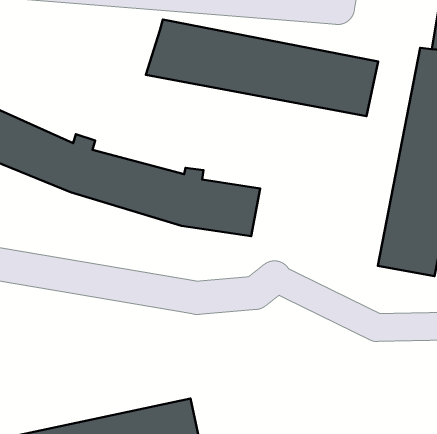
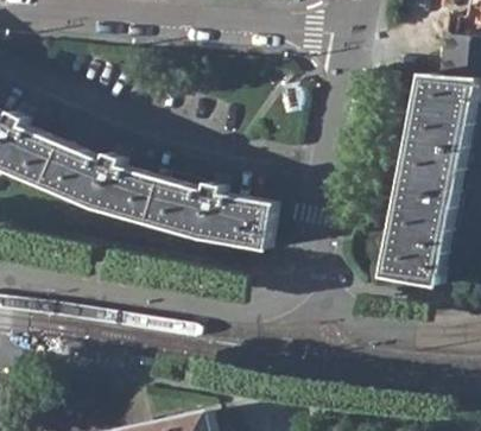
building: [146,20,378,116] -> none

